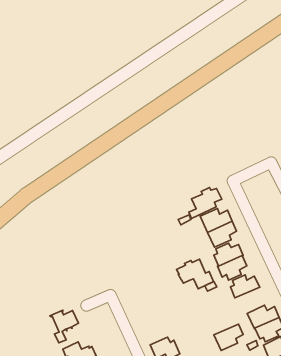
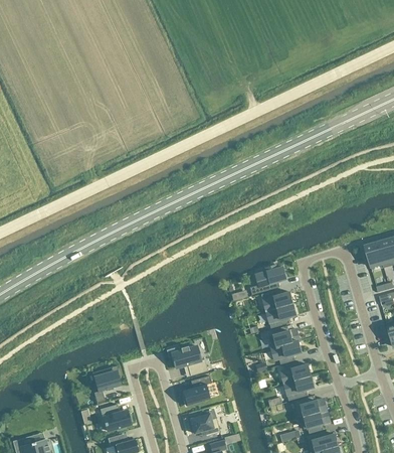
building: [177,259,214,289] -> [171,345,207,375]
building: none -> [182,375,211,405]
building: [214,324,243,350] -> [284,375,315,400]

